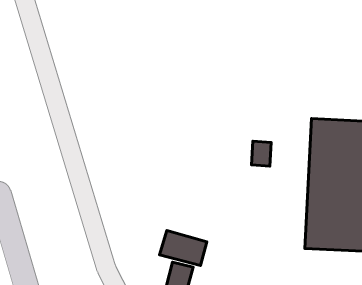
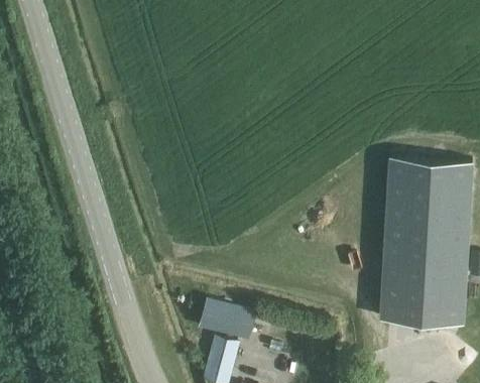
building: [252,141,271,166] -> none

